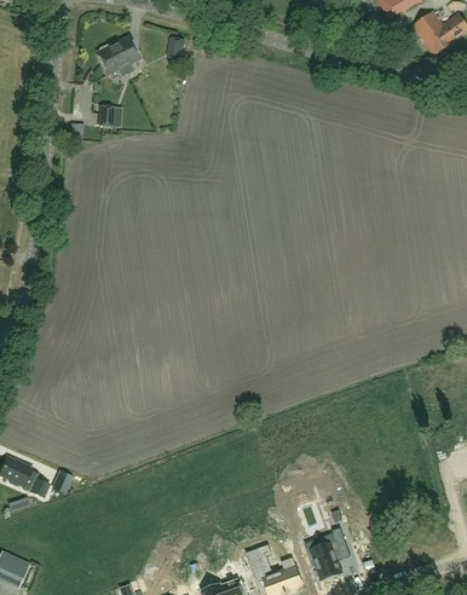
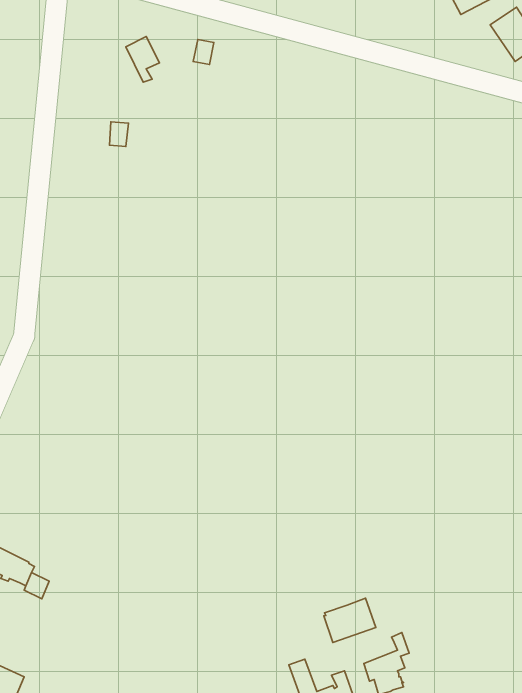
building: [97,45,127,77] -> none
building: none -> [324,598,376,642]

